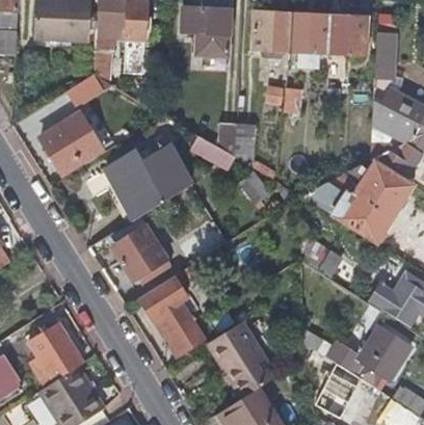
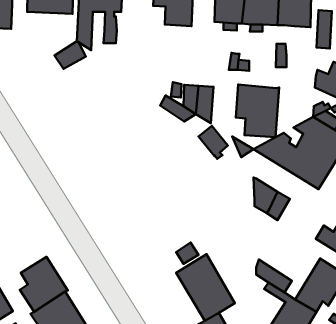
building: [39,111,100,170] -> none
building: none -> [236,85,279,137]
building: [105,145,191,218] -> none
building: [112,225,170,285] -> none
building: [145,278,197,346] -> none

